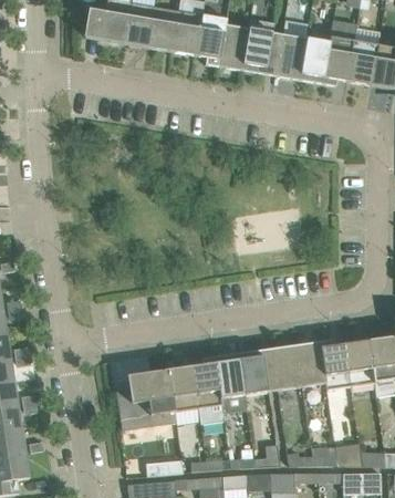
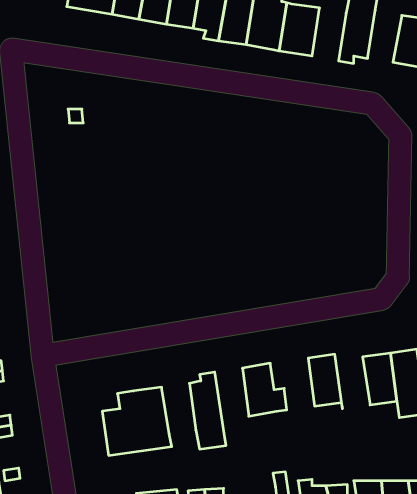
building: [300,35,331,84] -> none
building: [349,40,378,85] -> none
building: [320,339,351,388] -> none
building: [263,344,302,390] -> none
building: [215,353,247,413] -> none
building: [168,366,198,411] -> none

